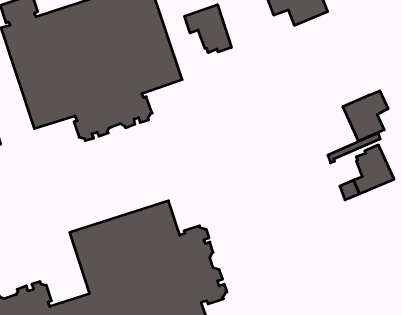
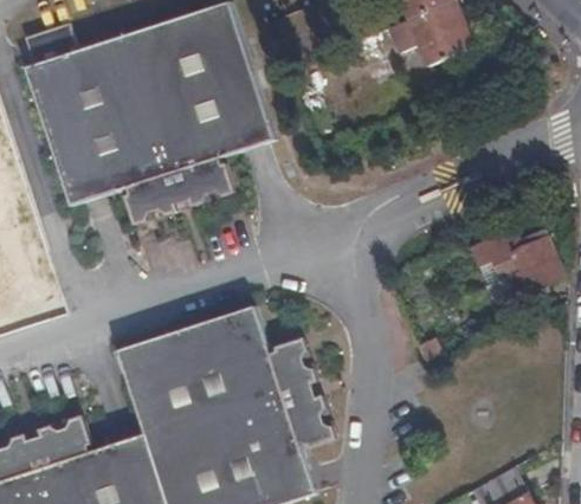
building: [185,5,231,53] -> none
building: [343,91,388,141] -> none

